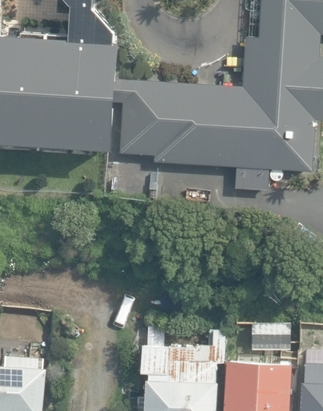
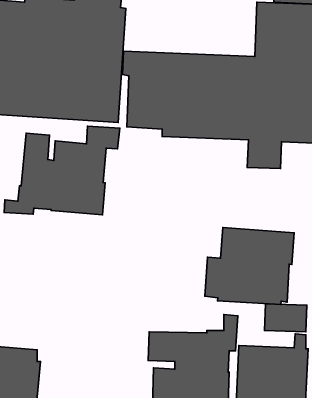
building: none -> [4,126,120,215]
building: none -> [205,227,294,304]

